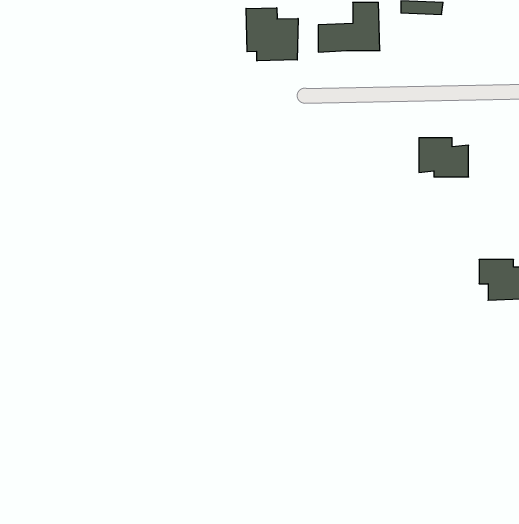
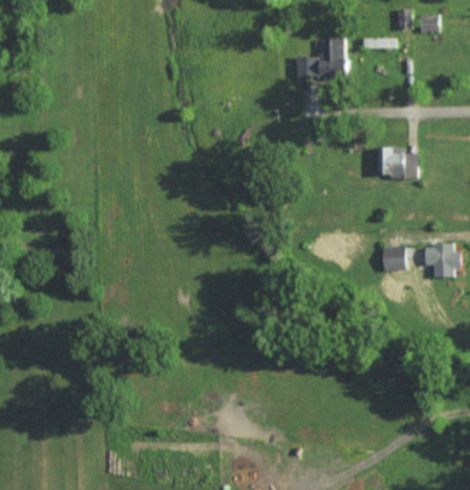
building: [246,8,298,61] -> none
building: none -> [383,246,406,270]

